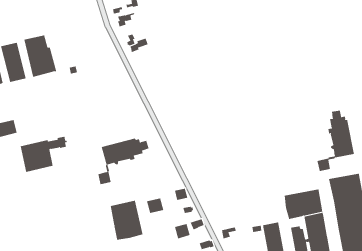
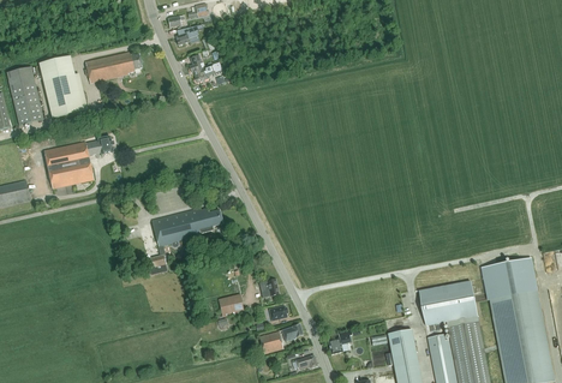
building: none -> [86,52,143,83]
building: [317,110,354,172] -> none
building: [20,136,68,172] -> [44,136,114,188]
building: [110,200,143,240] -> none

